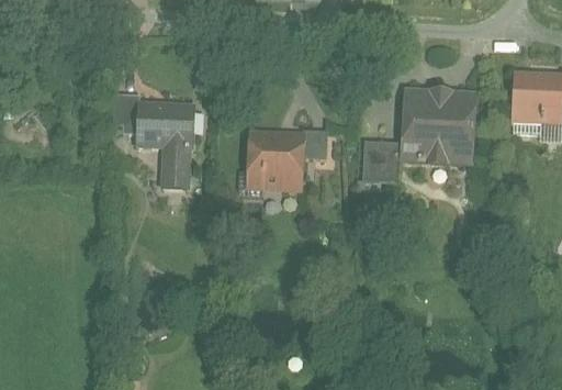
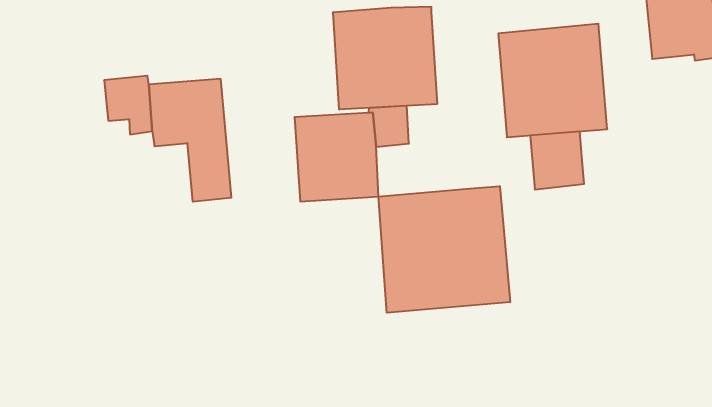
building: none -> [333,7,437,110]
building: [361,144,400,185] -> [530,131,584,189]
building: none -> [379,186,510,313]

